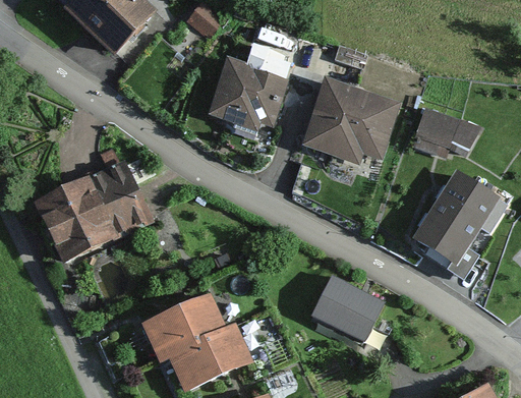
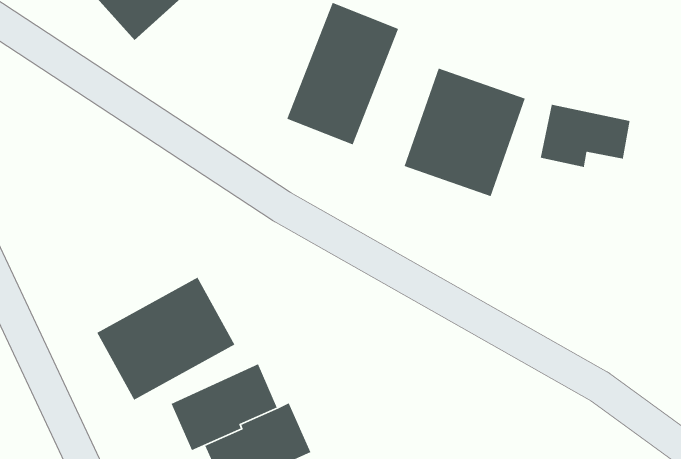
building: [416,163,504,262] -> none
building: [45,167,147,258] -> [96,277,236,401]
building: [309,278,373,336] -> none

